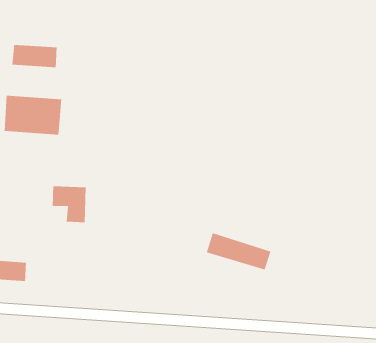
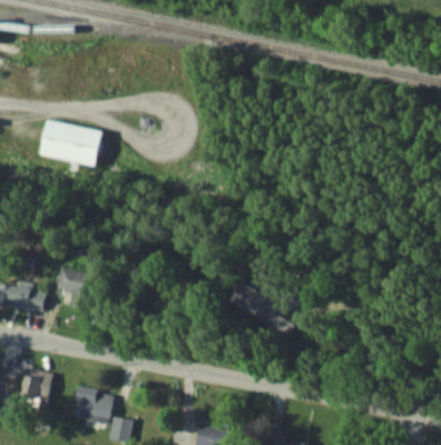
building: [12,44,58,68] -> none
building: [52,186,87,223] -> [56,267,94,309]

